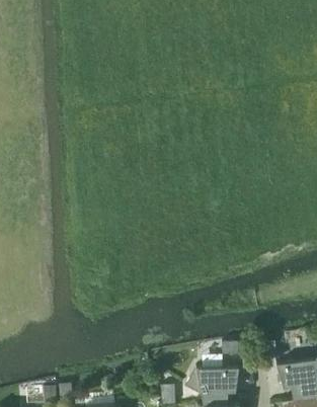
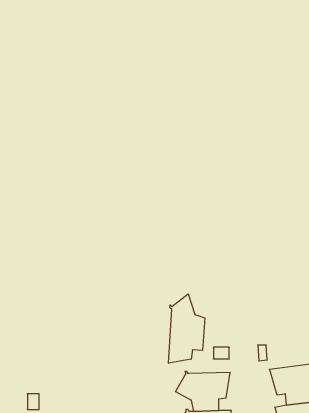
building: none -> [169,294,205,363]

